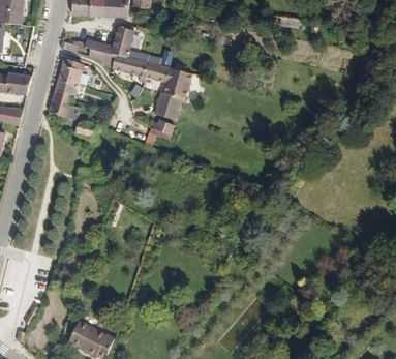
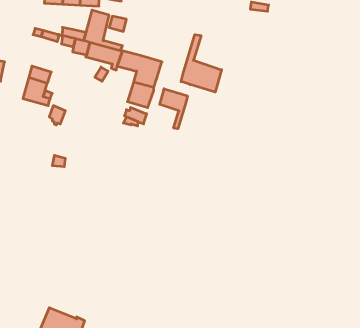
building: none -> [181,35,222,92]
building: [58,58,83,84] -> none
building: none -> [160,89,187,129]

